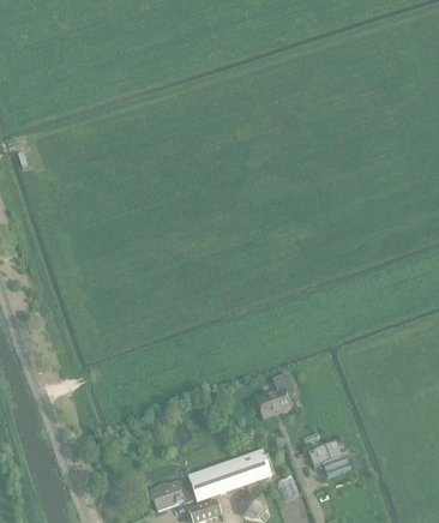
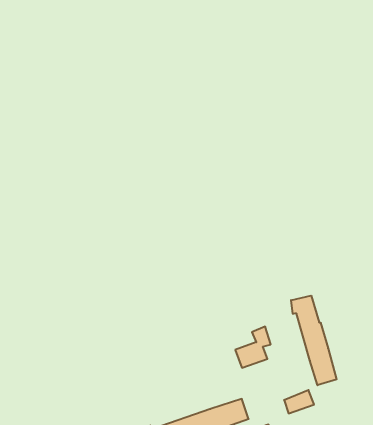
building: none -> [291,296,337,385]

